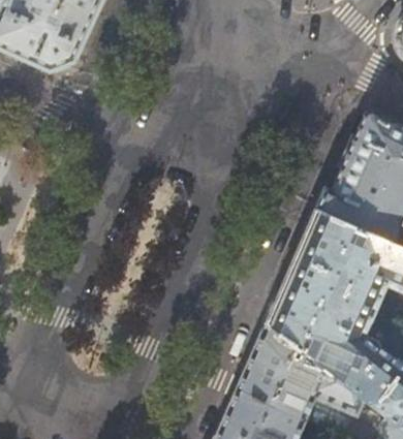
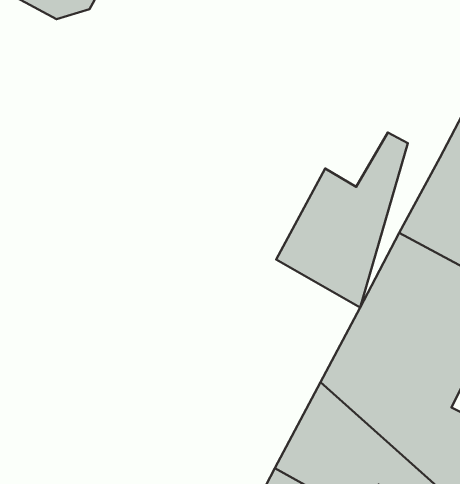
building: none -> [276,132,408,307]

